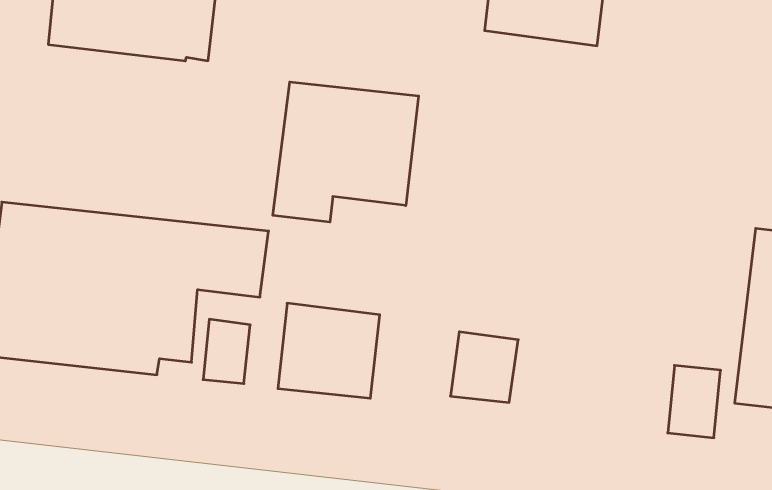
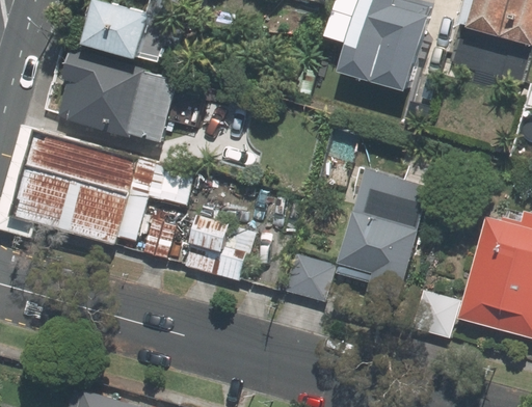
building: none -> [59,46,180,156]
building: [273,82,419,222] -> none
building: none -> [338,162,430,295]

